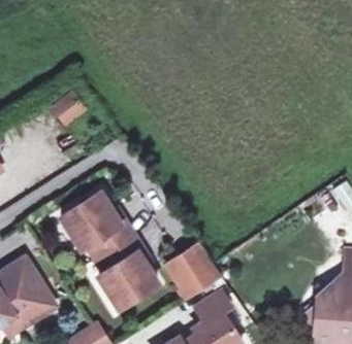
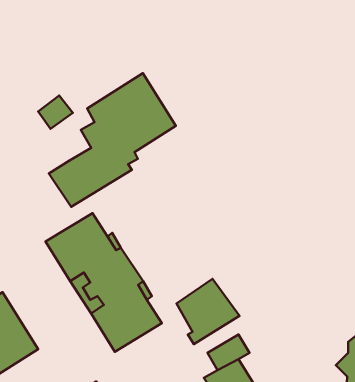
building: none -> [49,73,176,207]

